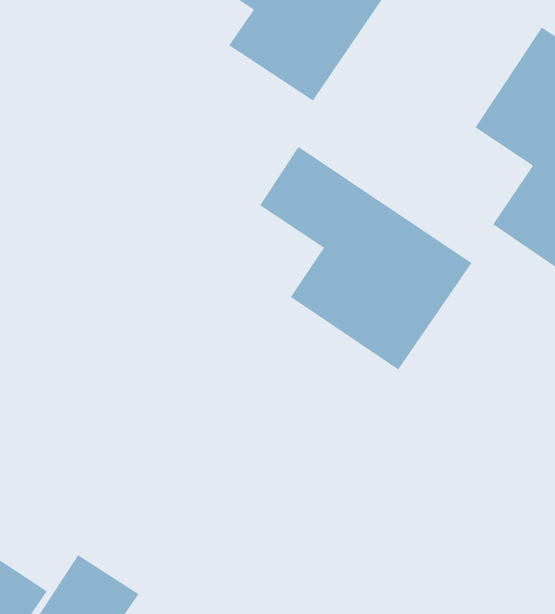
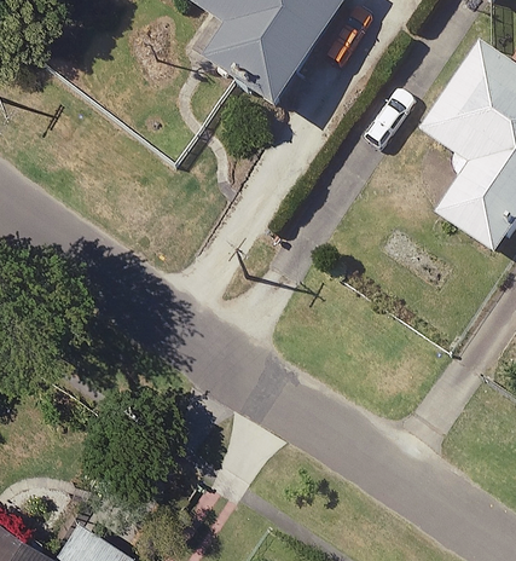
building: [259,146,472,370] -> none

